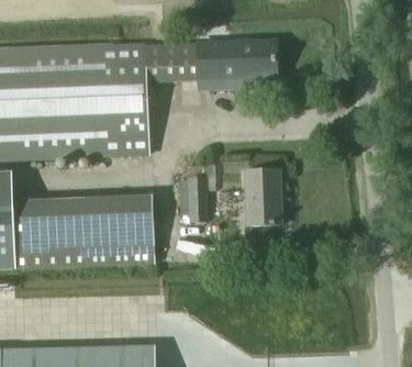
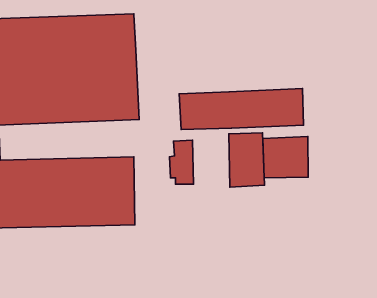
building: [145,38,276,81] -> [179,89,303,129]
building: none -> [263,136,308,178]

